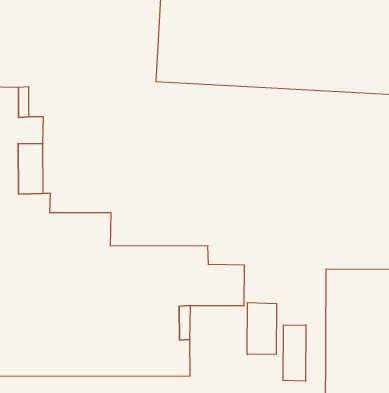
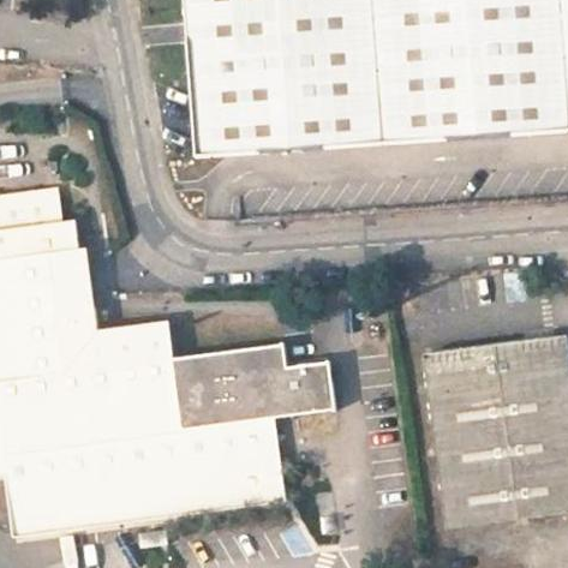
building: [247,303,276,355] -> none
building: [283,325,306,381] -> none

